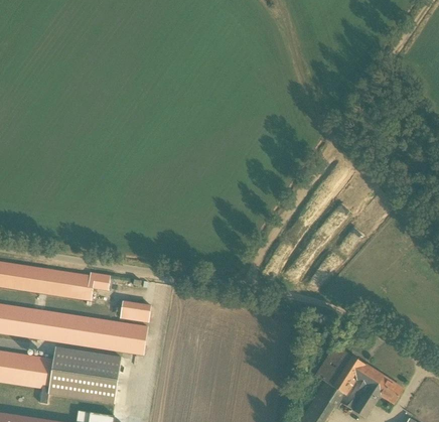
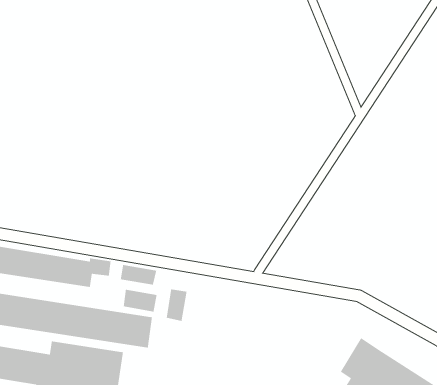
building: none -> [120,264,157,286]
building: none -> [166,289,187,322]

